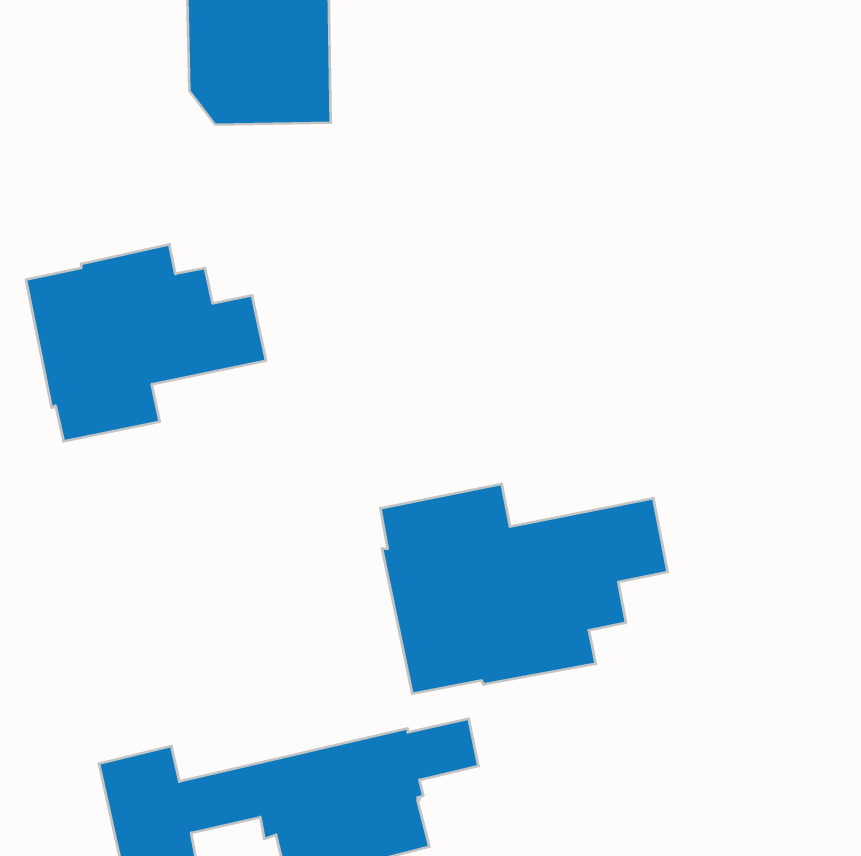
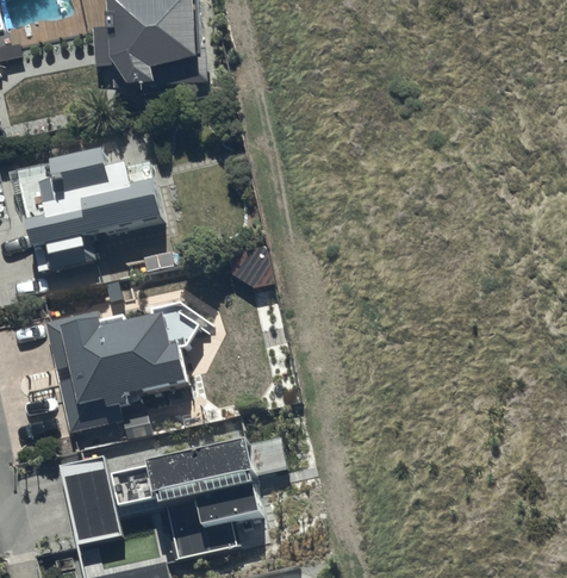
building: [380,484,668,694] -> none
building: none -> [48,310,185,437]

